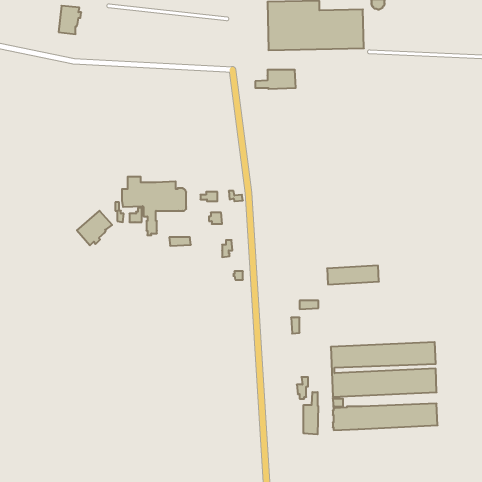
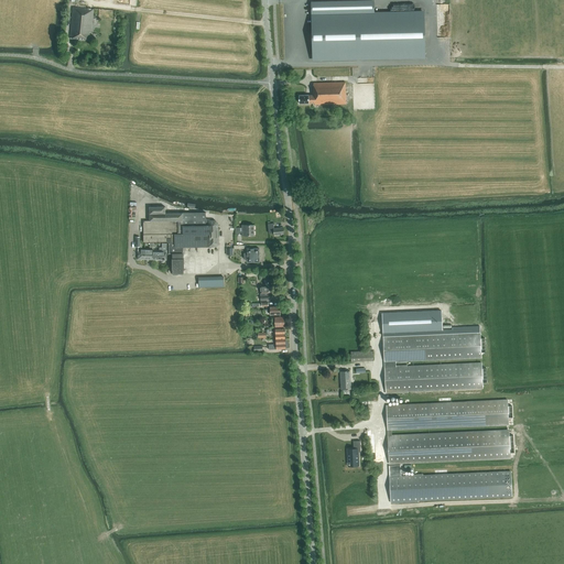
building: [77,211,112,245] -> none
building: none -> [382,332,481,392]
building: [304,392,318,434] -> none

